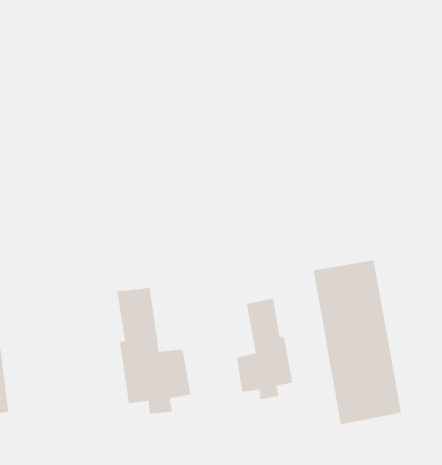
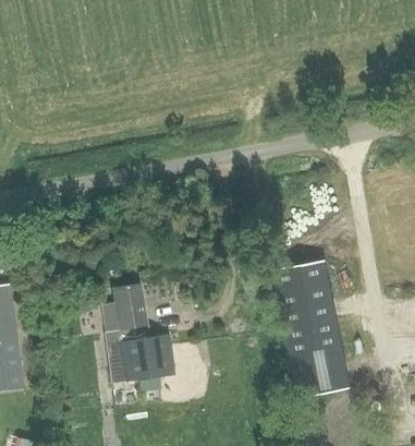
building: [236,298,293,400] -> none

